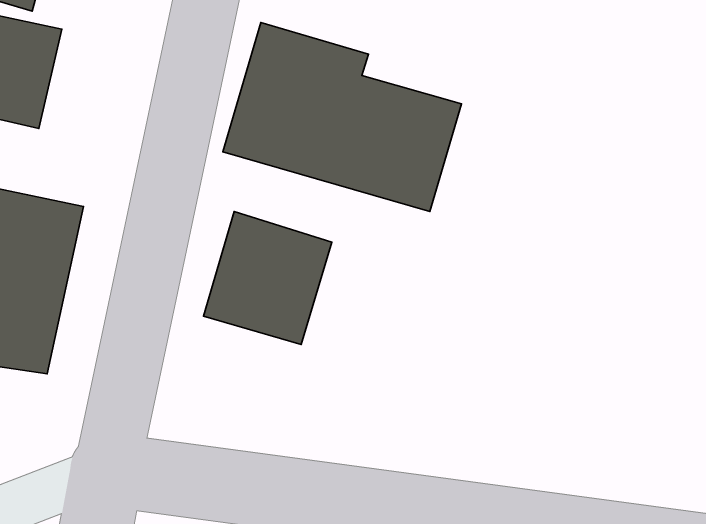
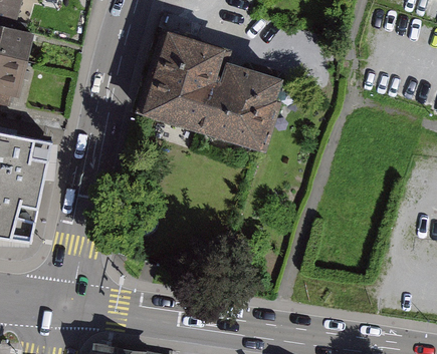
building: [204,211,332,345] -> none

